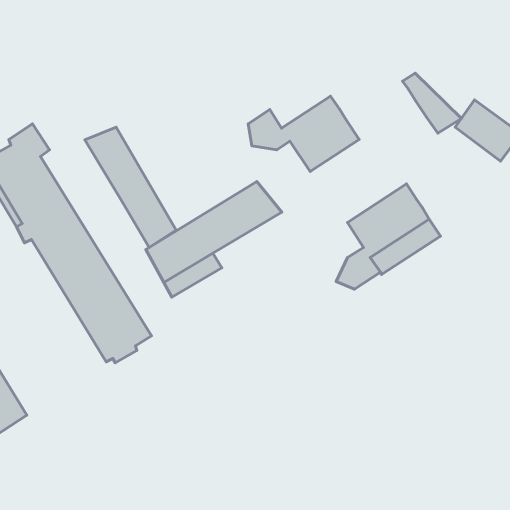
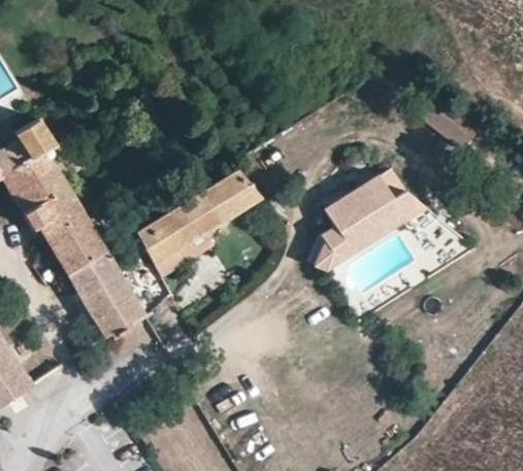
building: [403,73,461,133] -> [386,179,439,234]
building: [248,96,359,171] -> none
building: [85,127,176,248] -> none

